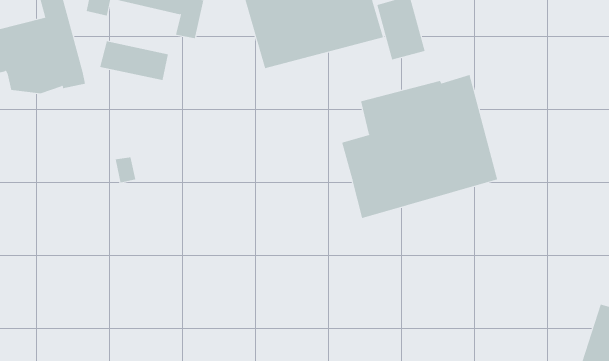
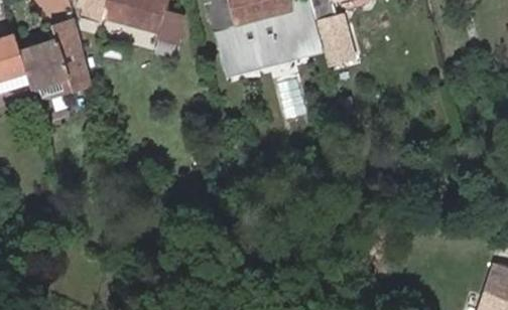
building: [100,41,168,81] -> none
building: [341,74,498,219] -> none

